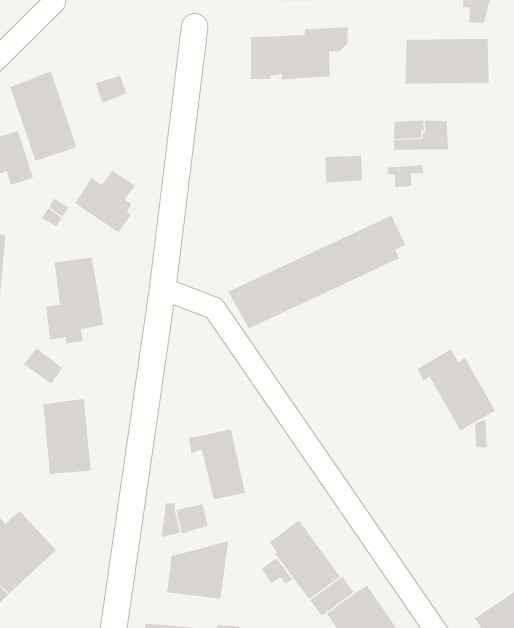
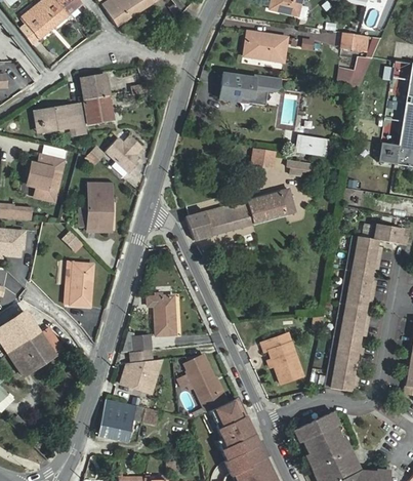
building: [405,38,489,84] -> none
building: [417,348,496,431] -> [262,334,303,383]

